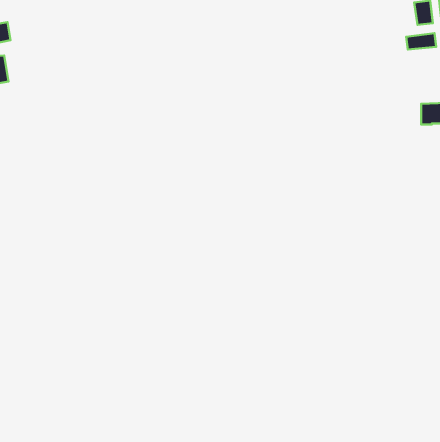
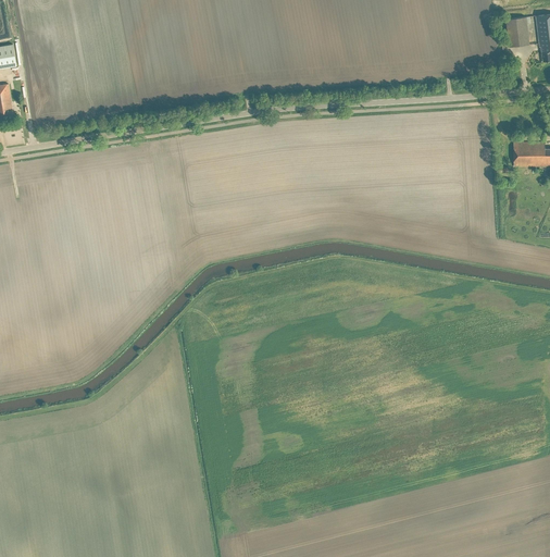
building: [406,33,436,49] -> none

